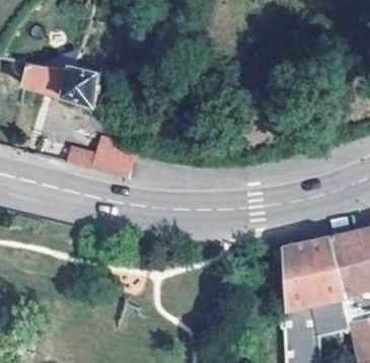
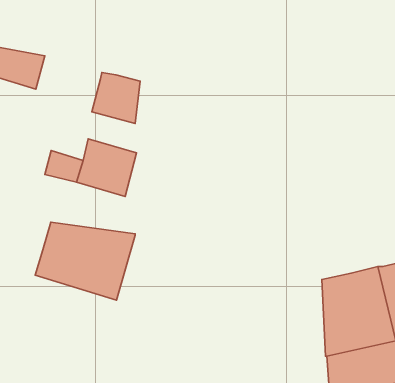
building: [57,64,95,104] -> [92,72,140,123]
building: none -> [35,222,135,300]

